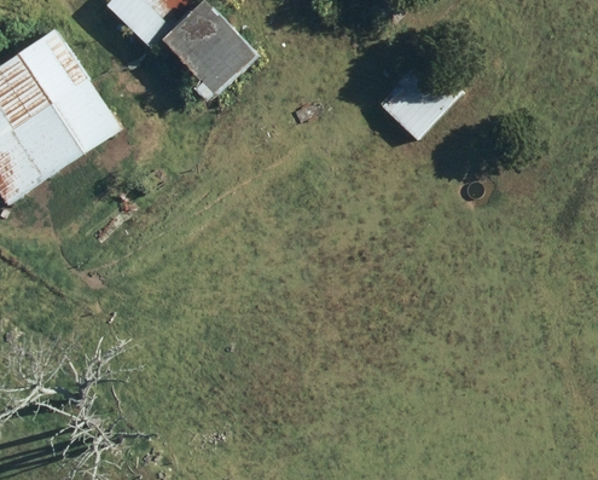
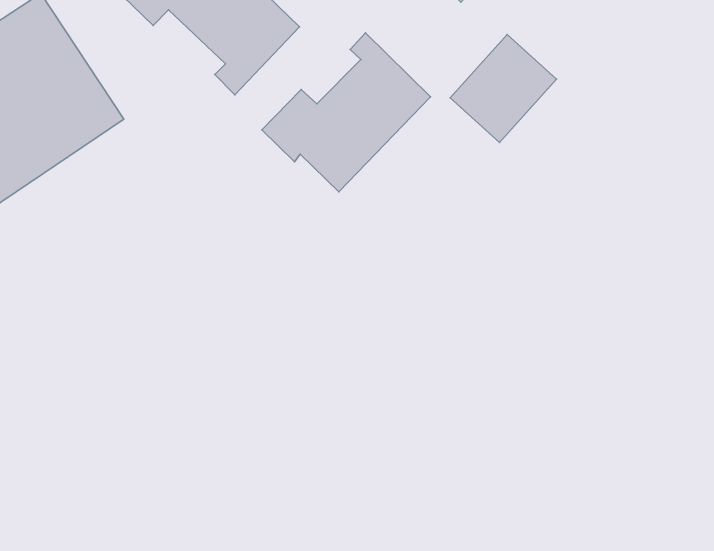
building: none -> [262,33,431,192]

